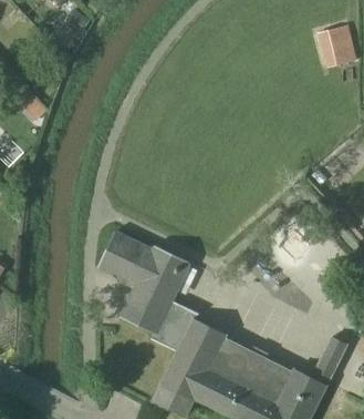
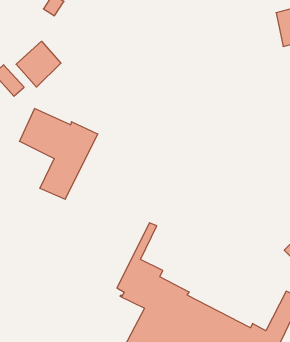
building: none -> [16,41,61,87]
building: [97,231,183,329] -> [19,109,98,199]

